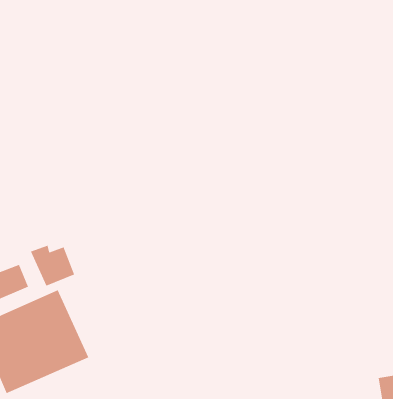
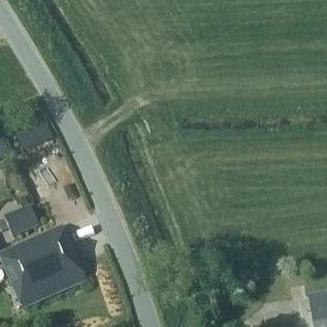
building: [30,245,75,286] -> none

